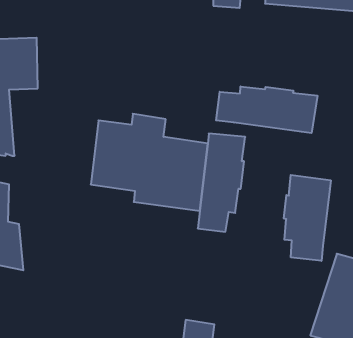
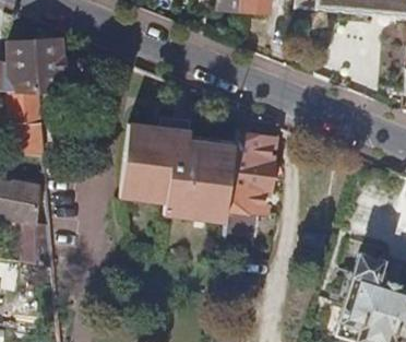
building: [216,86,317,133] -> none
building: [284,175,331,261] -> none

